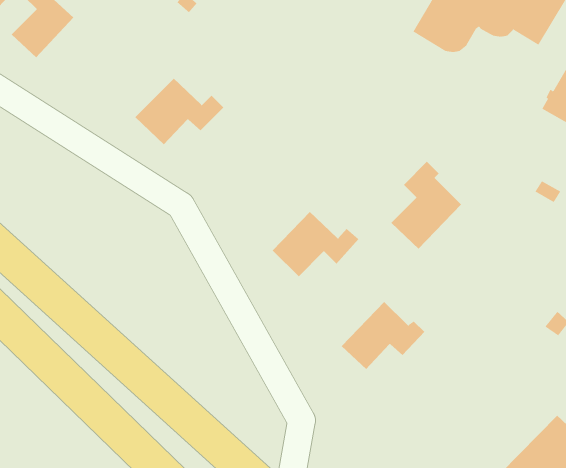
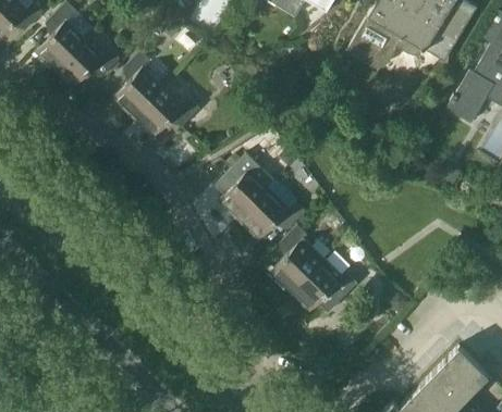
building: none -> [56,38,121,87]
building: none -> [113,50,162,115]
building: [390,161,462,249] -> [270,224,326,292]
building: none -> [219,152,276,219]

